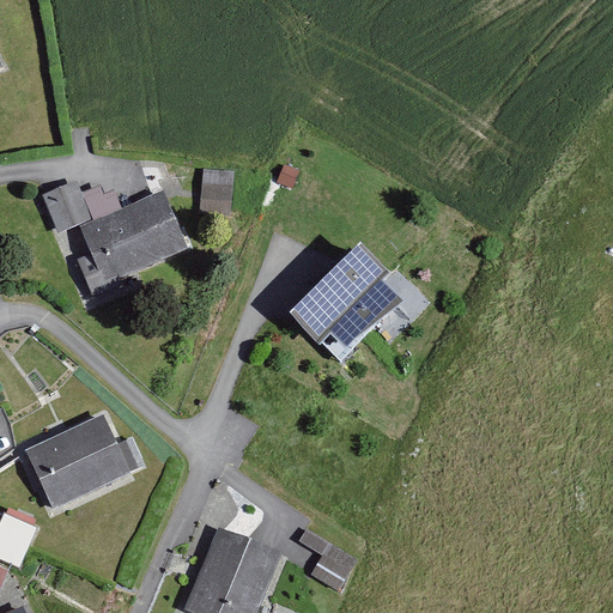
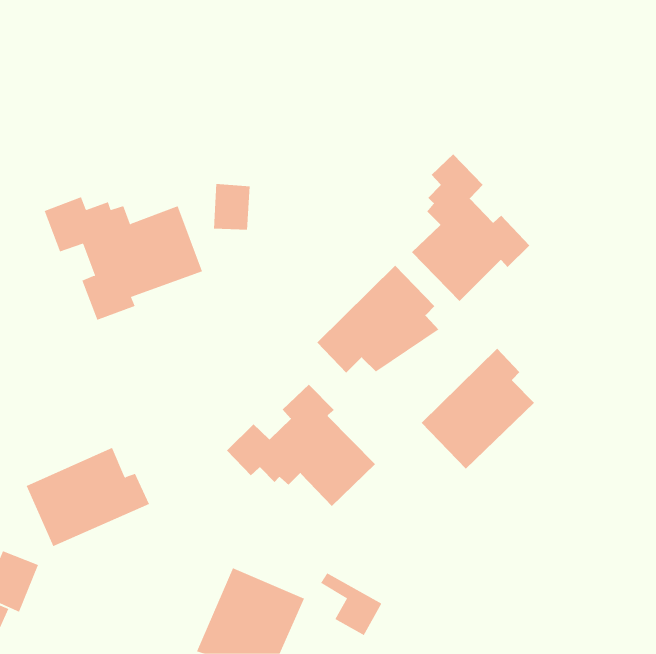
building: none -> [411,154,530,302]
building: none -> [421,348,535,470]
building: none -> [226,384,376,507]

